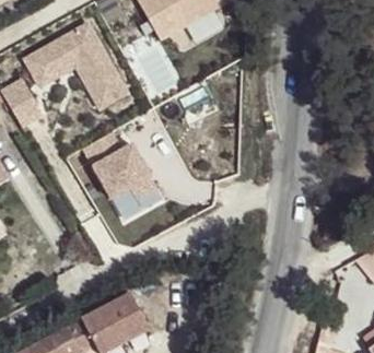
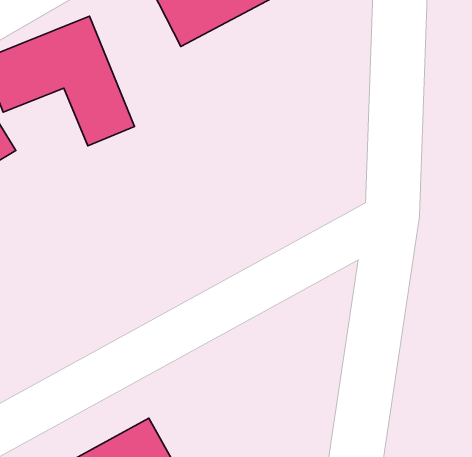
building: [82,140,160,212] -> none

